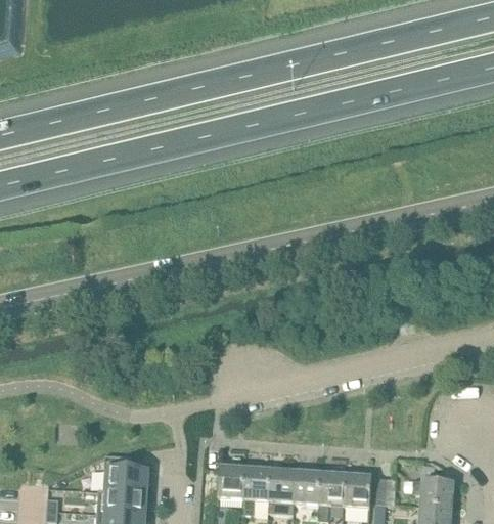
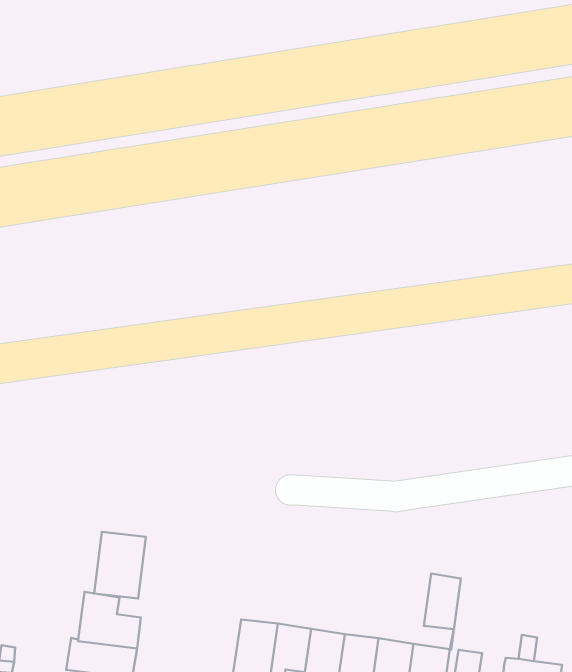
building: none -> [94,532,146,599]
building: none -> [424,573,461,650]

